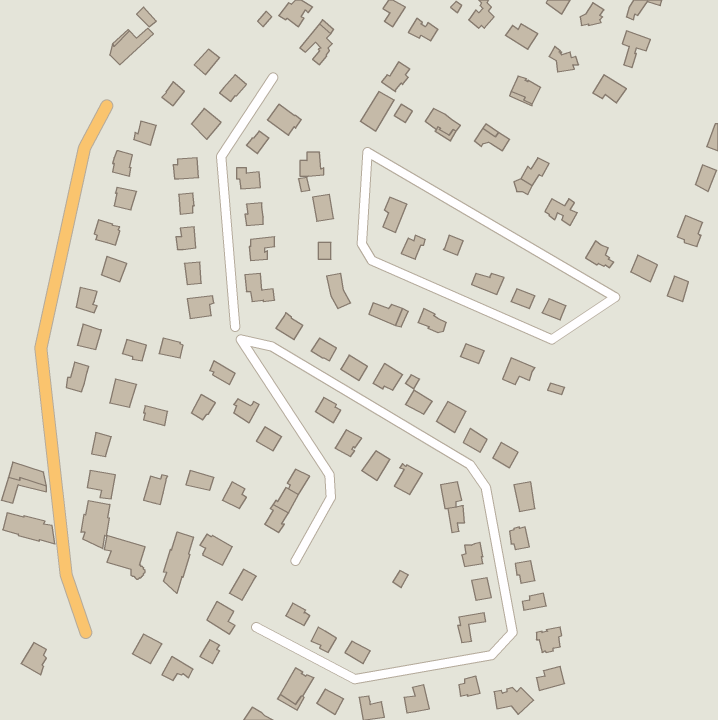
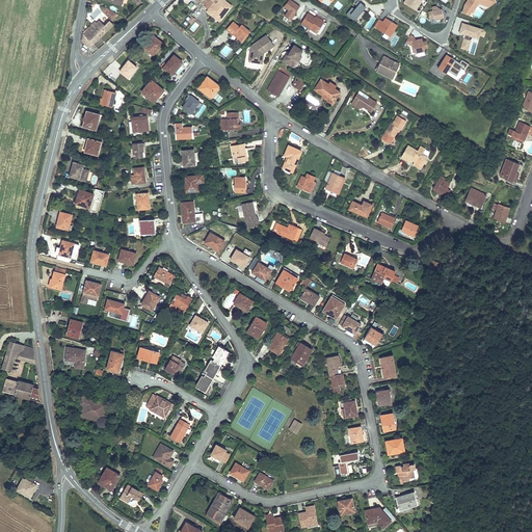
building: none -> [247,35,273,64]
building: [81,501,110,549] -> none
building: [163,532,193,593] -> none

